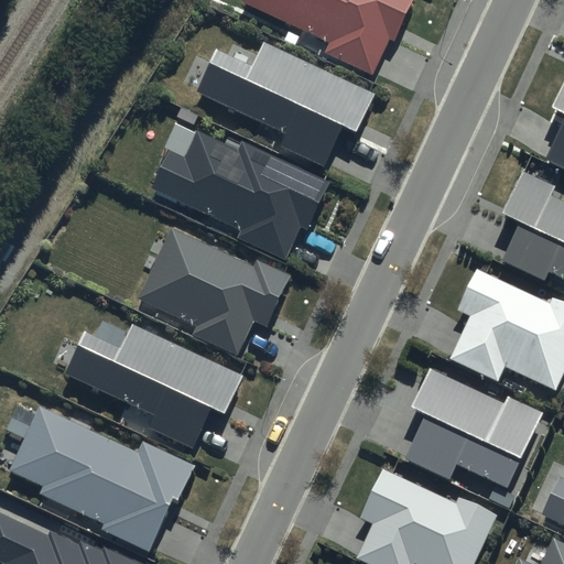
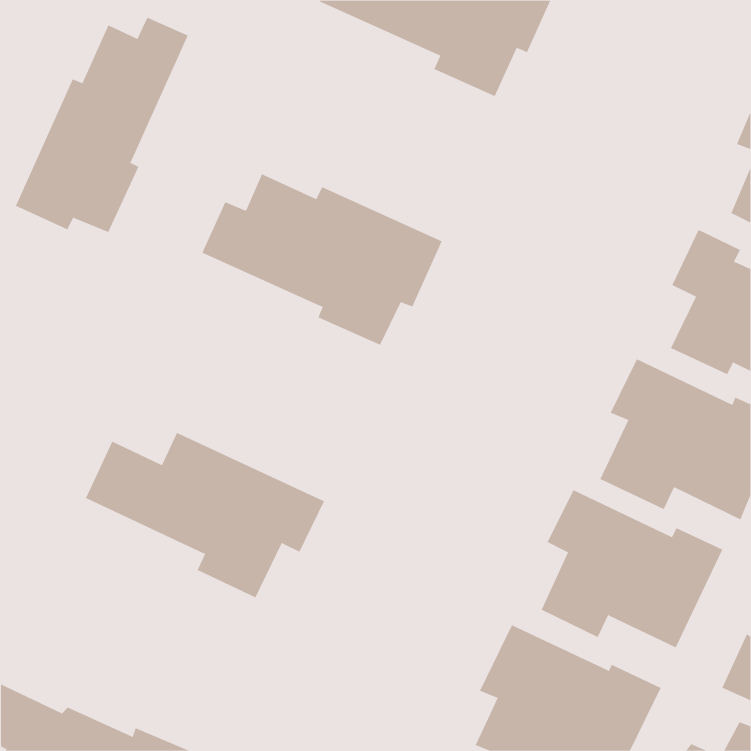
building: none -> [15,17,188,233]
building: [196,42,377,167] -> none
building: [139,227,292,356] -> none
building: [10,406,198,551] -> none

